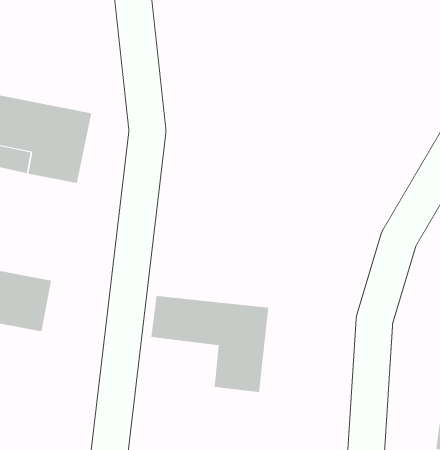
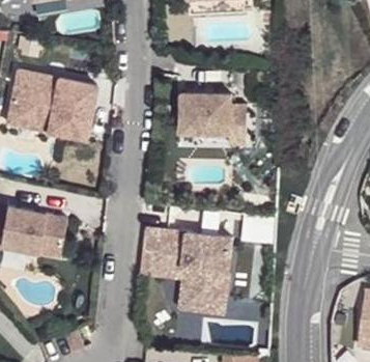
building: none -> [179,92,246,143]
building: none -> [140,260,225,313]

